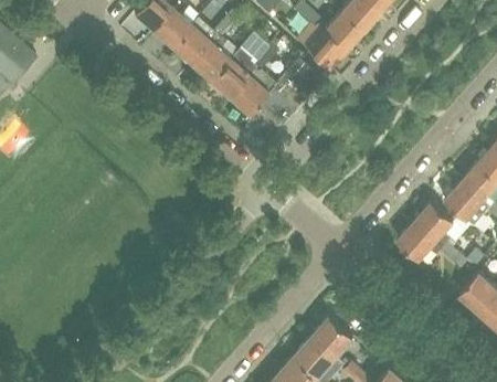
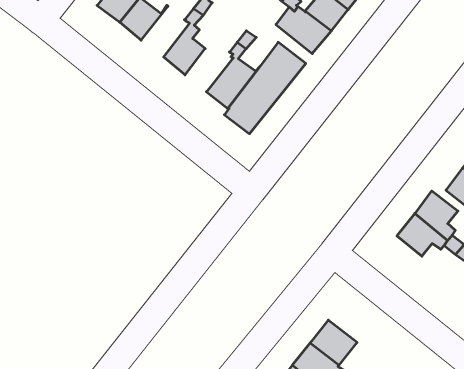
building: [172,19,218,65] -> none
building: [211,49,256,99] -> none

